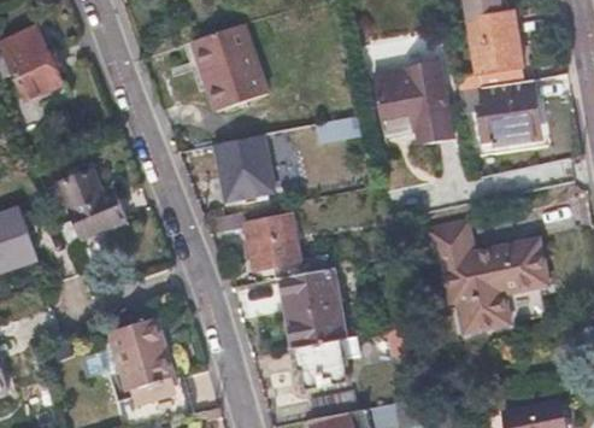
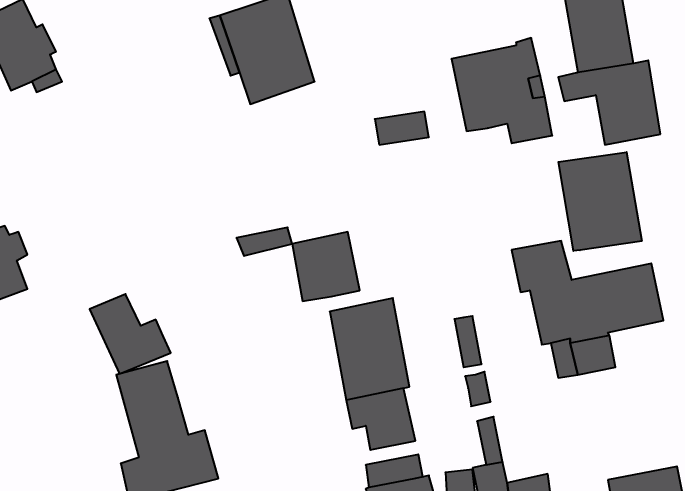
building: [214,133,276,200] -> none
building: none -> [558,152,642,251]
building: [60,172,125,236] -> [90,294,171,374]

